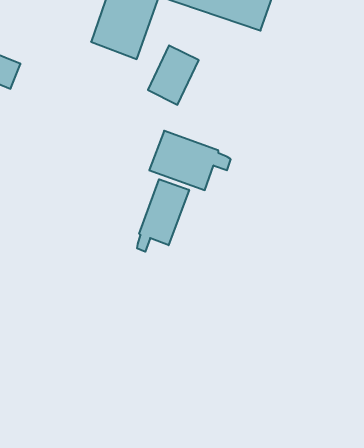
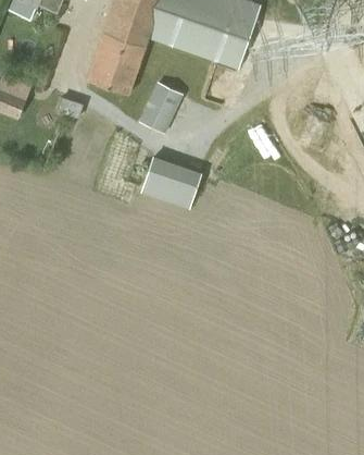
building: [137,179,189,252] -> none

